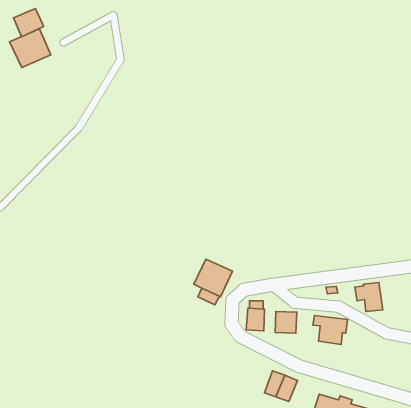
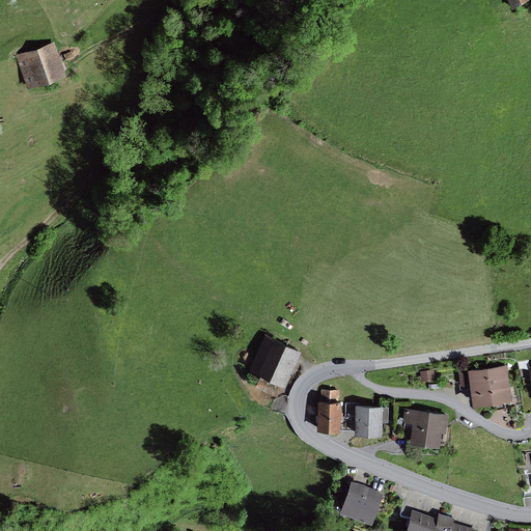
building: [13,9,43,37] -> none
building: none -> [488,366,511,403]

